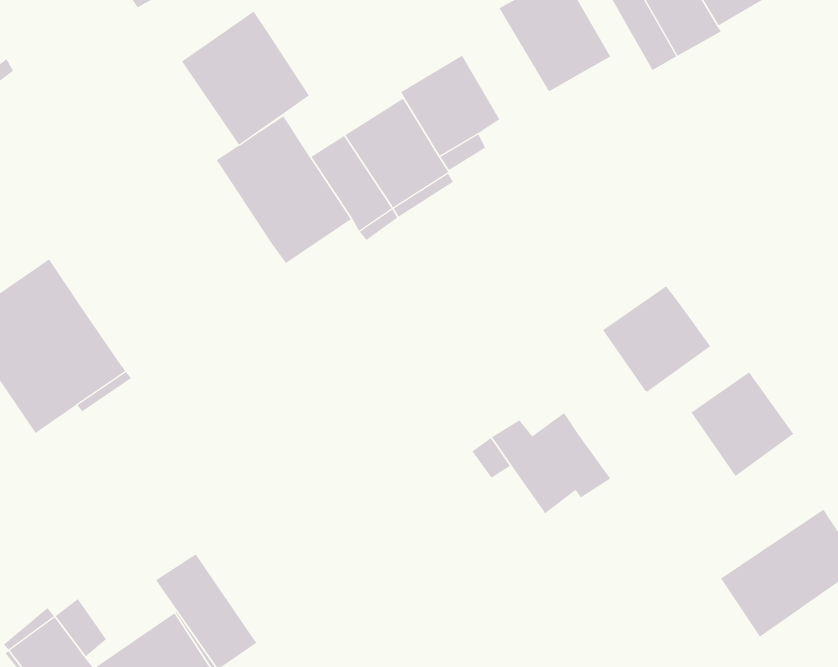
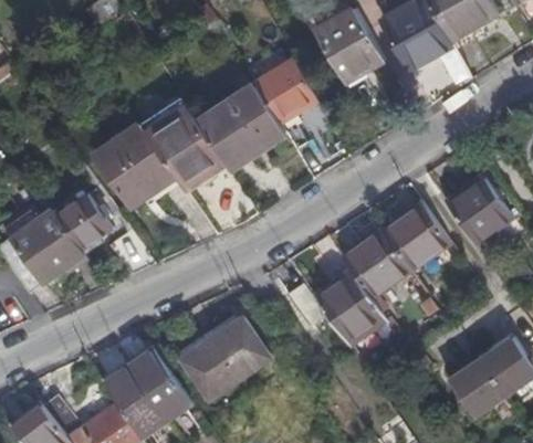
building: [181,11,310,145] -> [95,124,175,207]
building: none -> [58,194,112,250]
building: none -> [338,226,405,293]
building: [690,371,794,477] -> [446,179,510,244]
building: none -> [179,317,270,400]
building: none -> [128,349,194,422]

